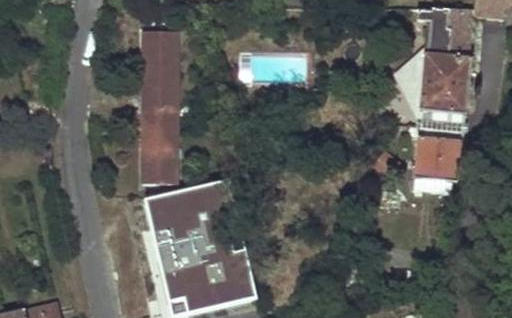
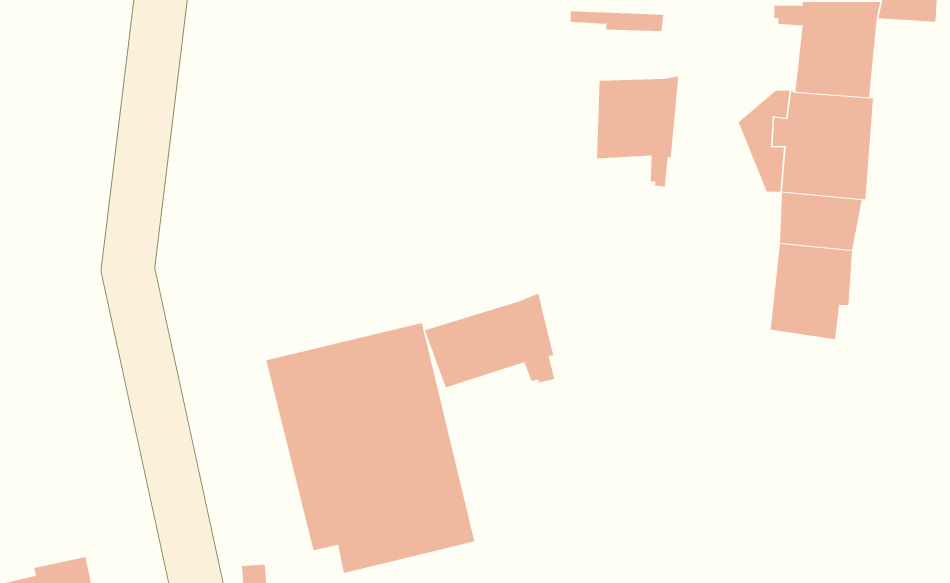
building: [141,30,180,181] -> none
building: none -> [596,76,679,187]
building: none -> [424,293,555,388]

